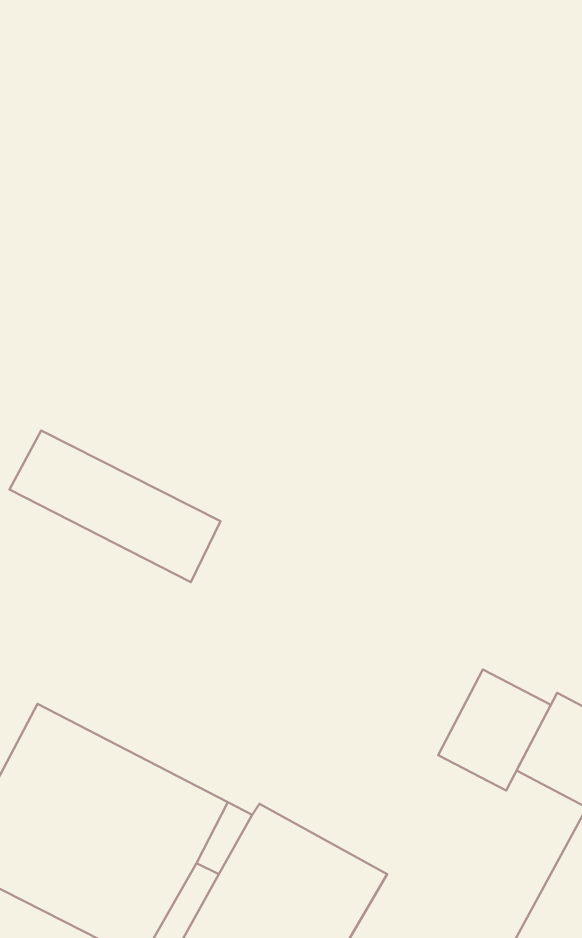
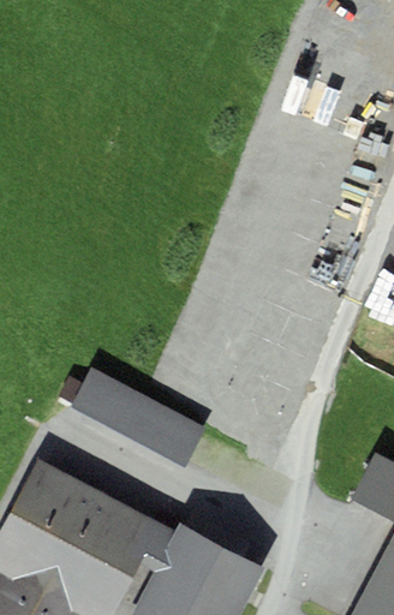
building: [10,430,220,582] -> [71,369,208,467]
building: [438,670,551,791] -> none

